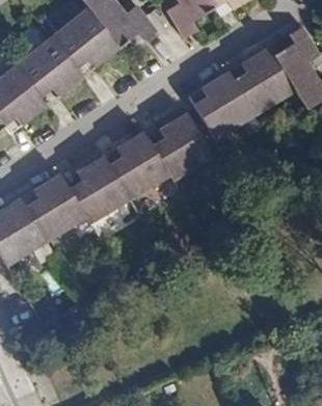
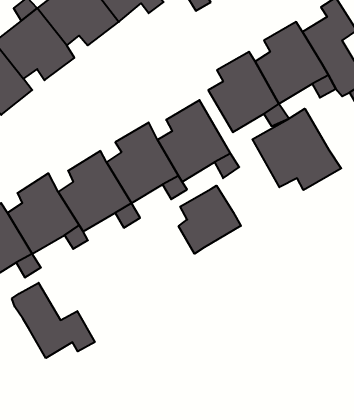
building: none -> [252,109,341,190]
building: none -> [179,186,241,254]
building: none -> [12,283,95,358]

